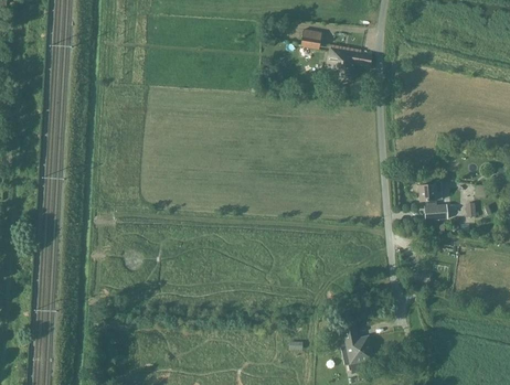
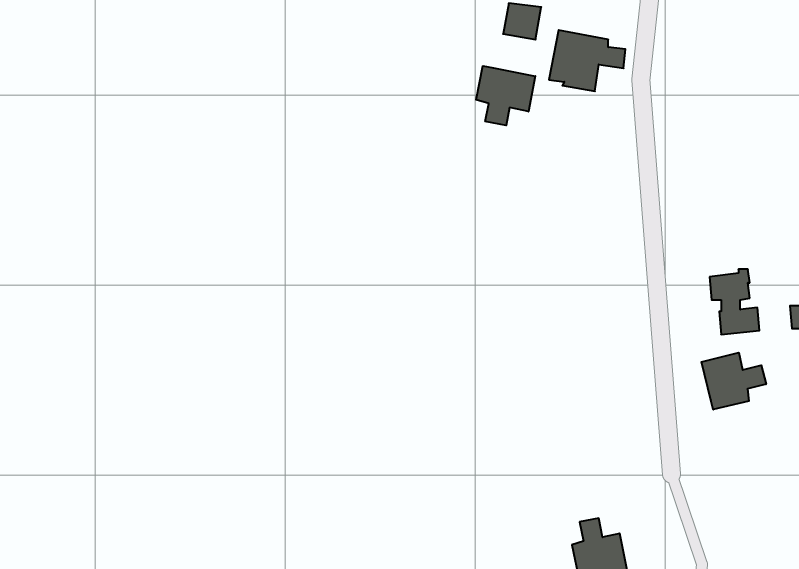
building: none -> [476,66,535,125]
building: none -> [701,353,766,410]

